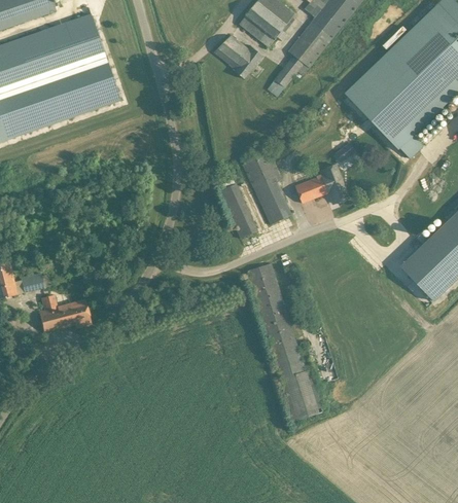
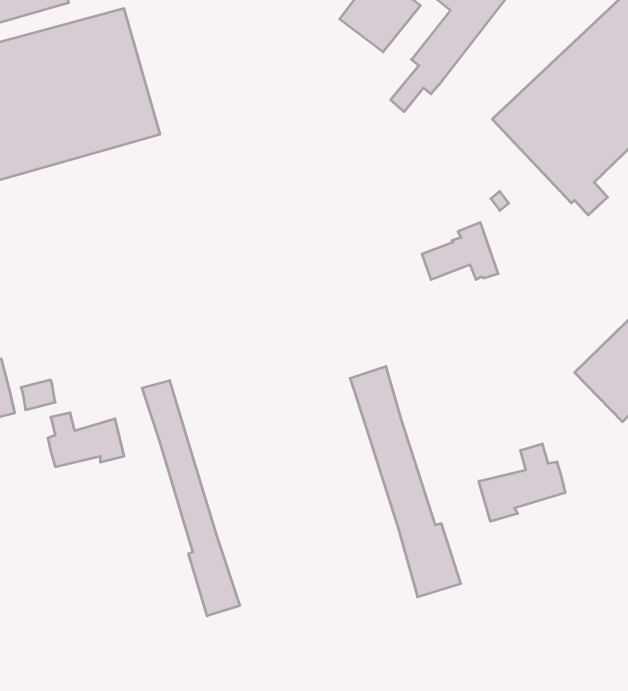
building: [214,35,263,78] -> none
building: [241,146,292,224] -> none
building: [221,179,256,237] -> none
building: none -> [142,380,240,616]
building: none -> [479,444,565,521]

